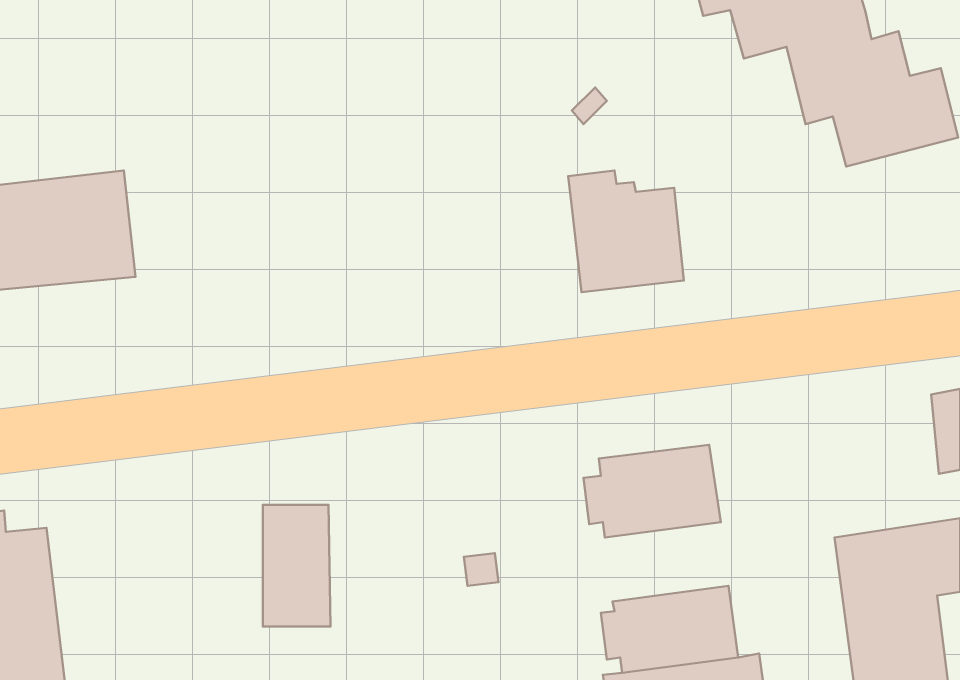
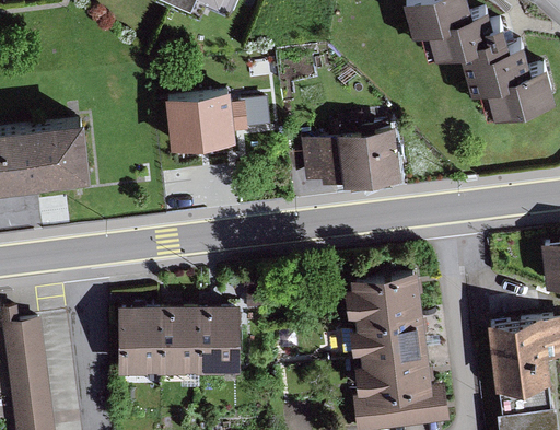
building: none -> [164,92,248,150]
building: none -> [301,139,343,189]
building: none -> [118,307,163,376]
building: none -> [200,307,240,376]
building: none -> [340,317,427,362]

